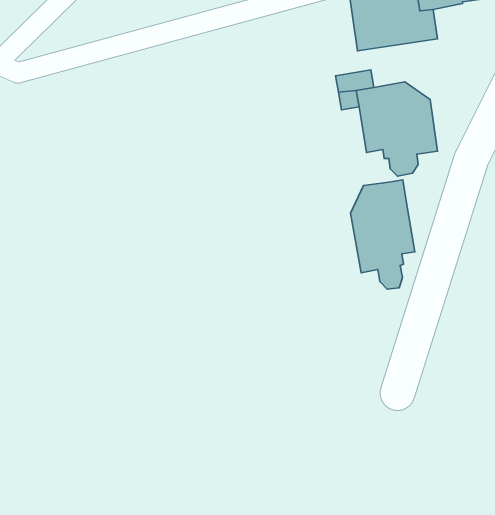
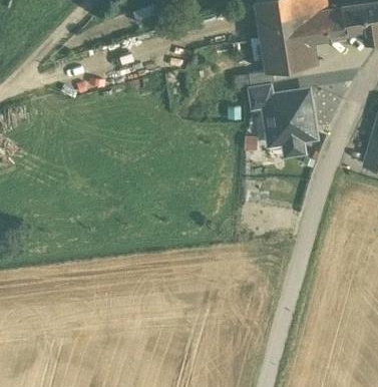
building: [350,180,415,289] -> none

